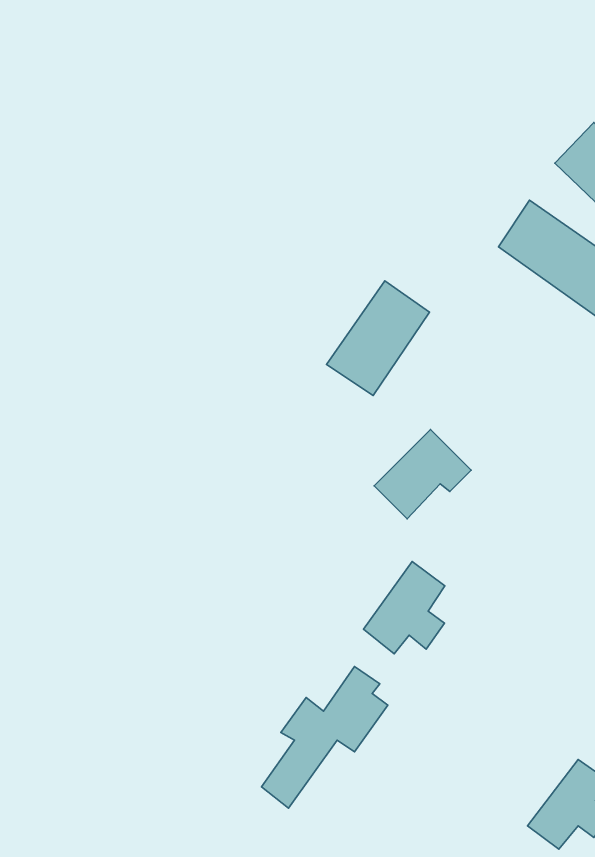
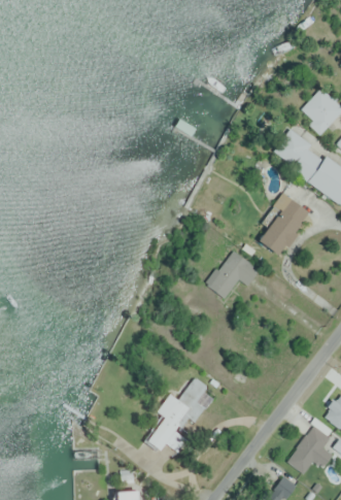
building: [326,281,429,396] -> [254,195,309,256]
building: [363,562,445,654] -> none

